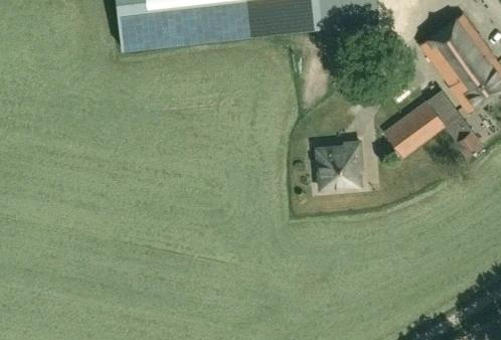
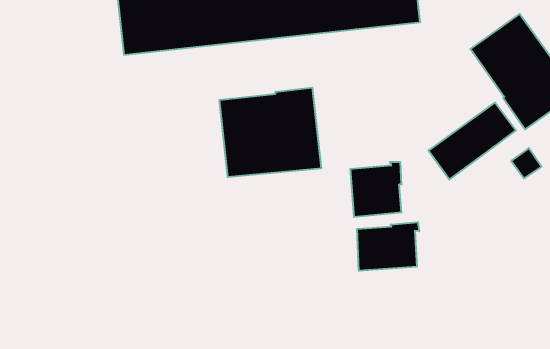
building: none -> [220,88,321,177]
building: none -> [357,222,419,271]

